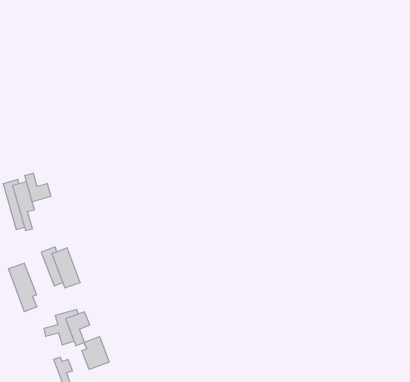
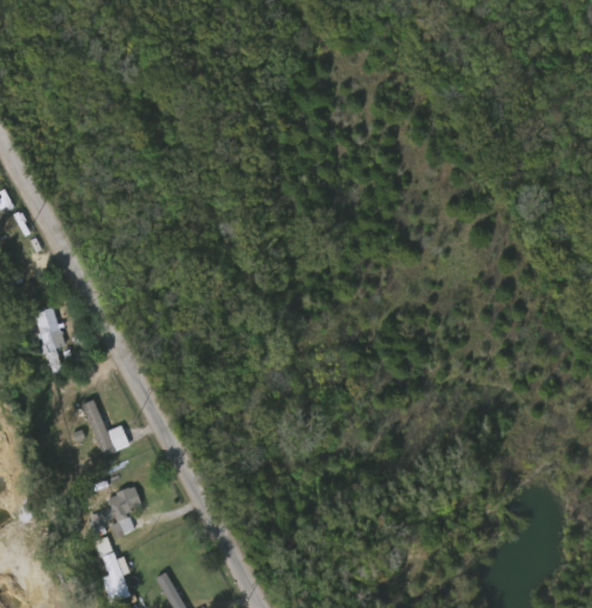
building: [25,173,51,202] -> none
building: [8,263,37,312] -> none
building: [82,337,109,369] -> none

